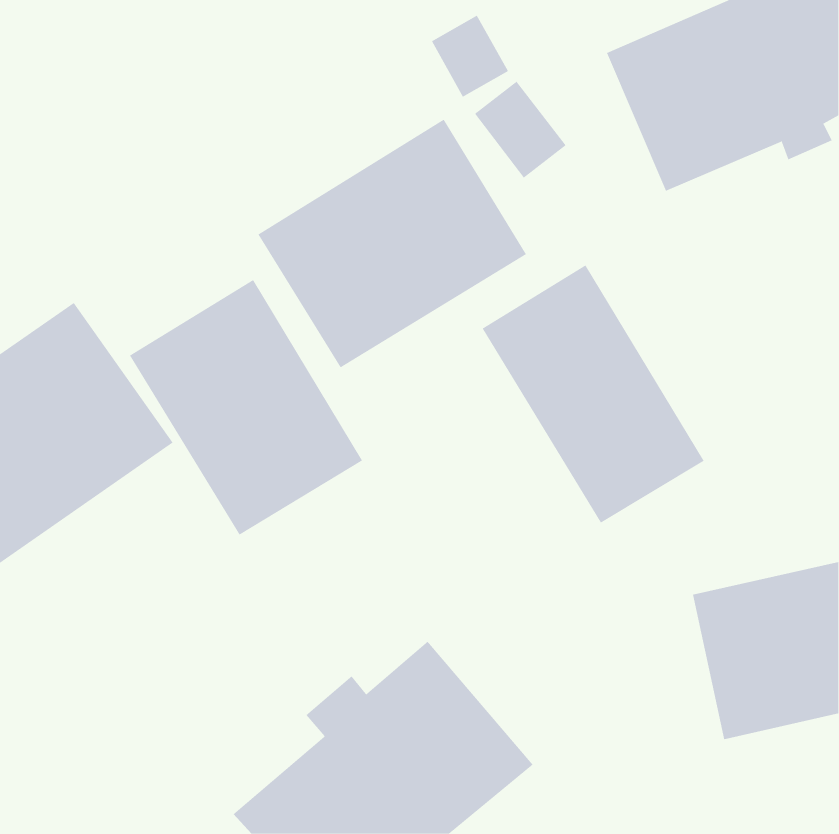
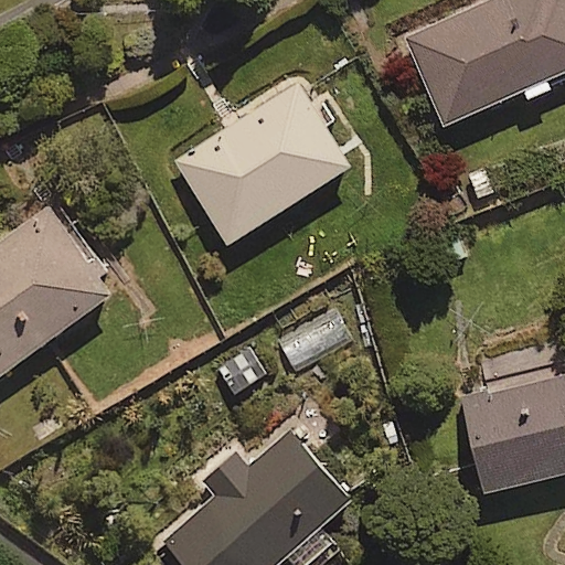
building: [482,265,704,523] -> none
building: [129,279,363,535] -> none

